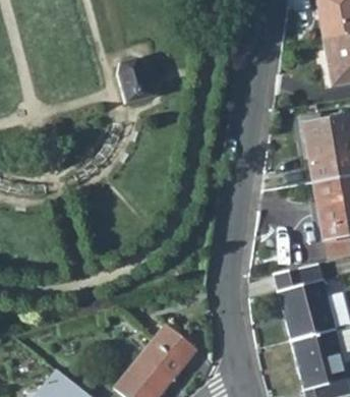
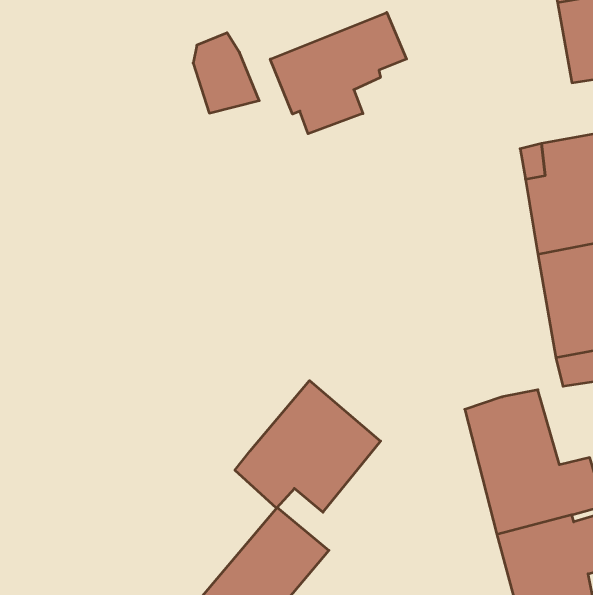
building: none -> [270,12,407,134]
building: none -> [235,381,381,512]

